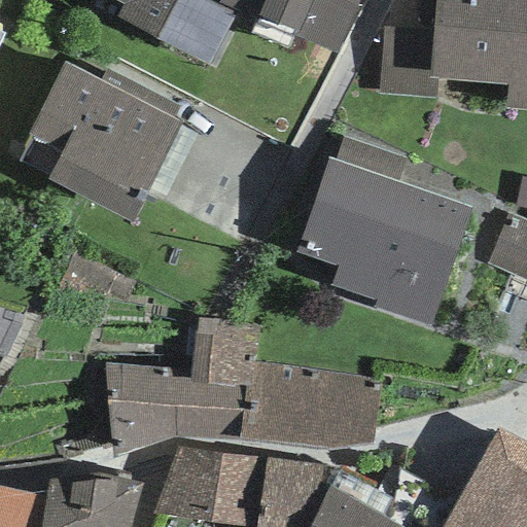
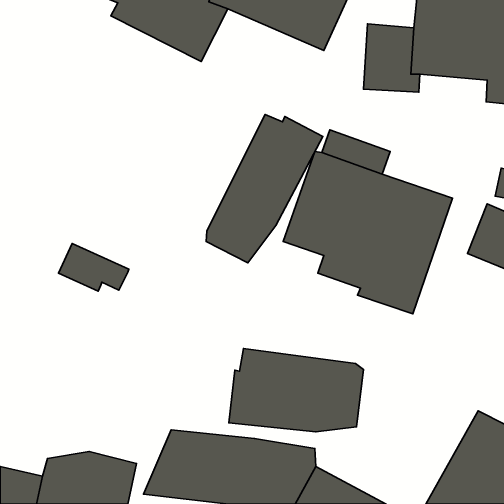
building: [20,62,182,220] -> none
building: none -> [206,114,323,263]
building: [107,317,259,456] -> none

